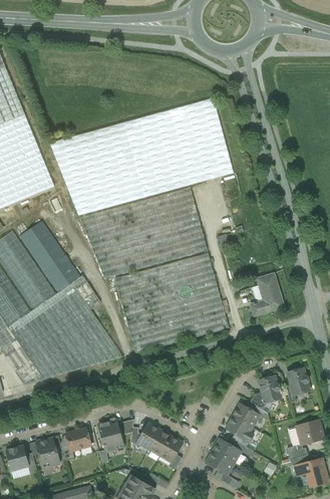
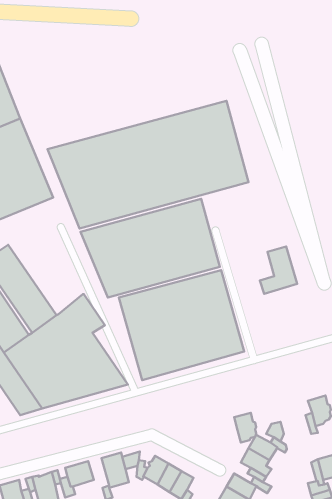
building: [15,213,81,293] -> none
building: [250,273,284,316] -> [260,246,297,294]
building: [259,376,279,403] -> [234,413,256,442]

